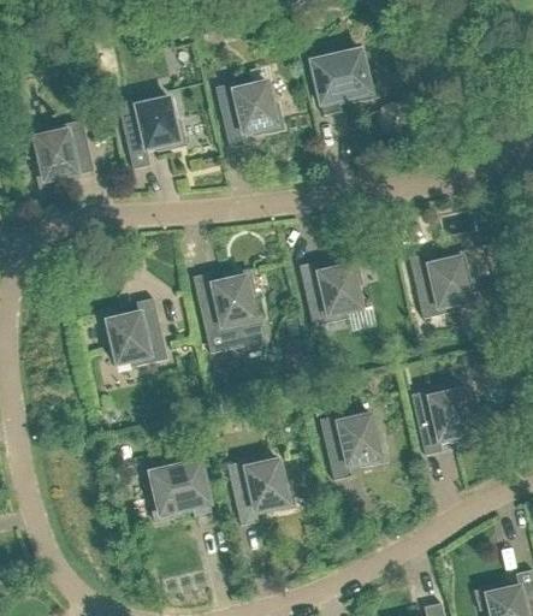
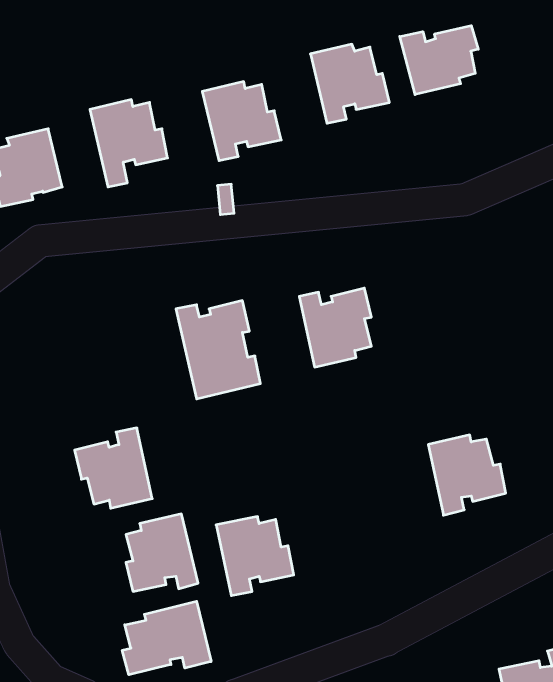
building: none -> [400,26,478,95]
building: [410,251,473,319] -> none
building: [101,298,168,368] -> [75,428,152,508]
building: [321,411,390,480] -> none
building: none -> [122,601,211,675]

